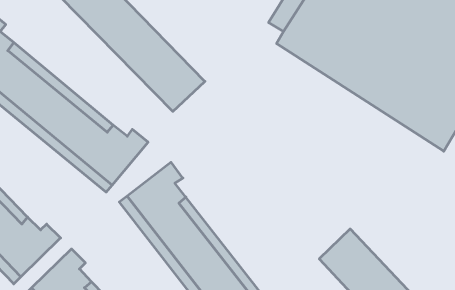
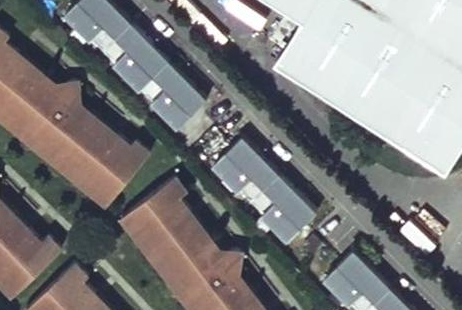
building: none -> [209,134,317,241]

